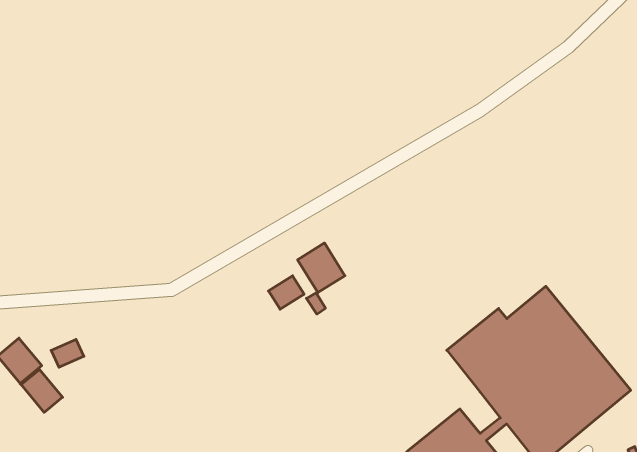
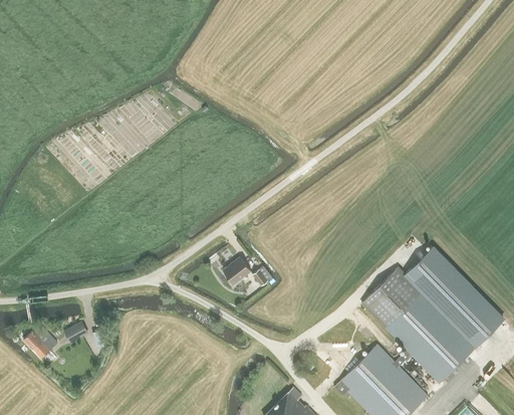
building: [298,243,345,293] -> none
building: [21,369,63,412] -> none

